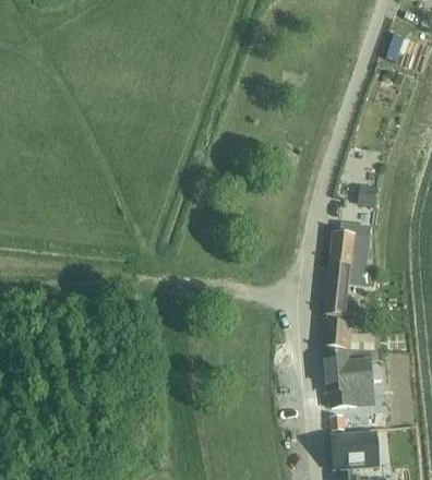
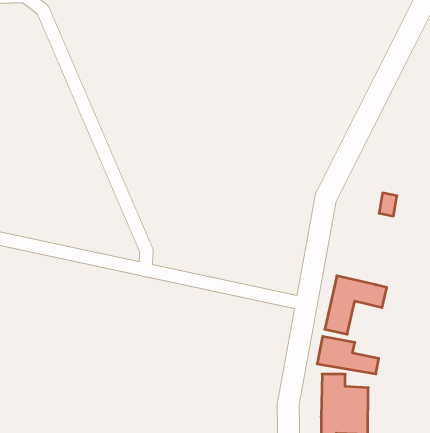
building: [331,223,372,268] -> none

